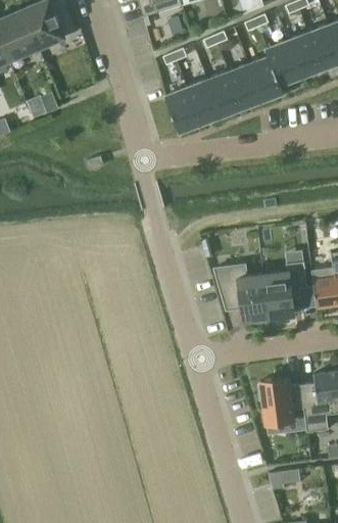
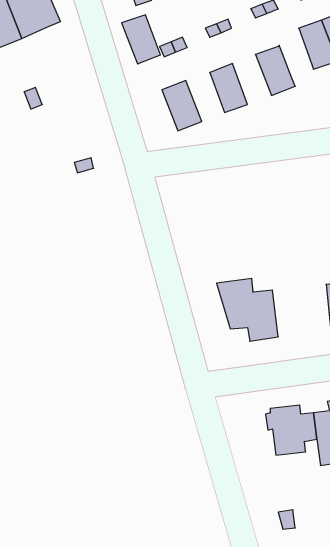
building: [267,40,301,85] -> none
building: [229,63,263,108] -> none
building: [187,80,222,124] -> [122,15,160,64]
building: [264,262,308,321] -> none

